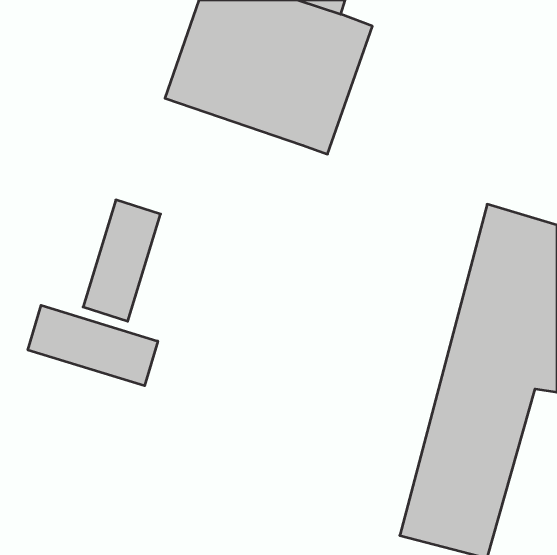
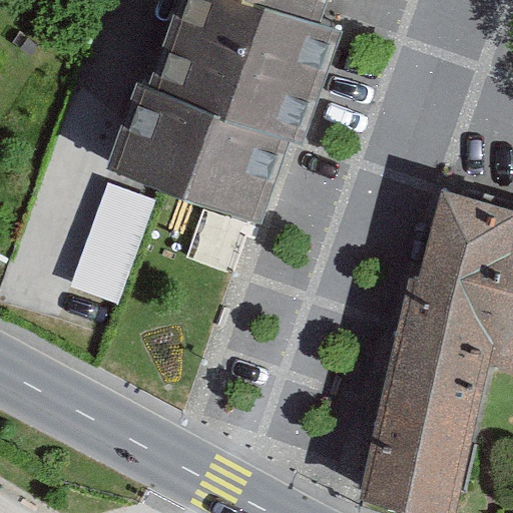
building: none -> [107,87,278,220]
building: [28,305,158,386] -> none

